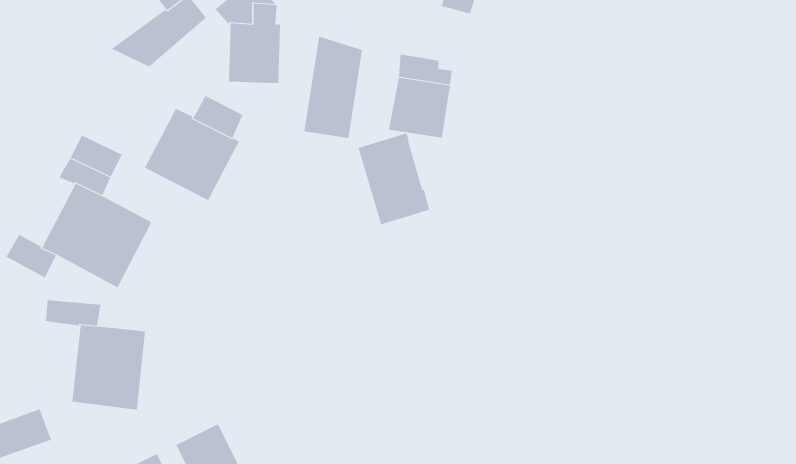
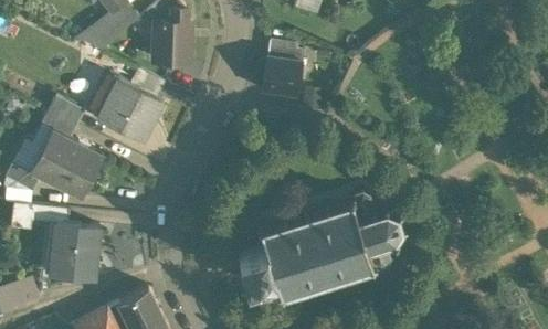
building: [304,36,363,139] -> none
building: [358,133,430,225] -> none
building: none -> [238,188,407,298]

